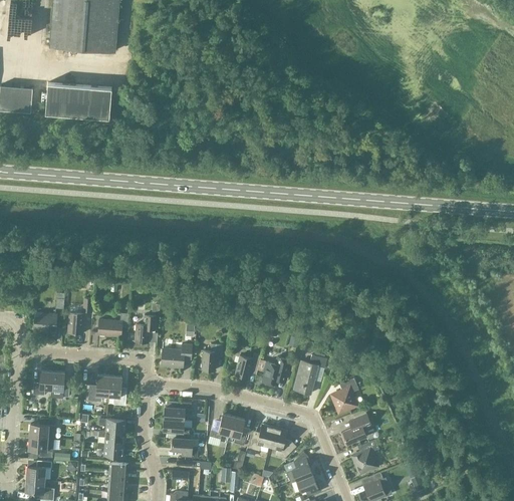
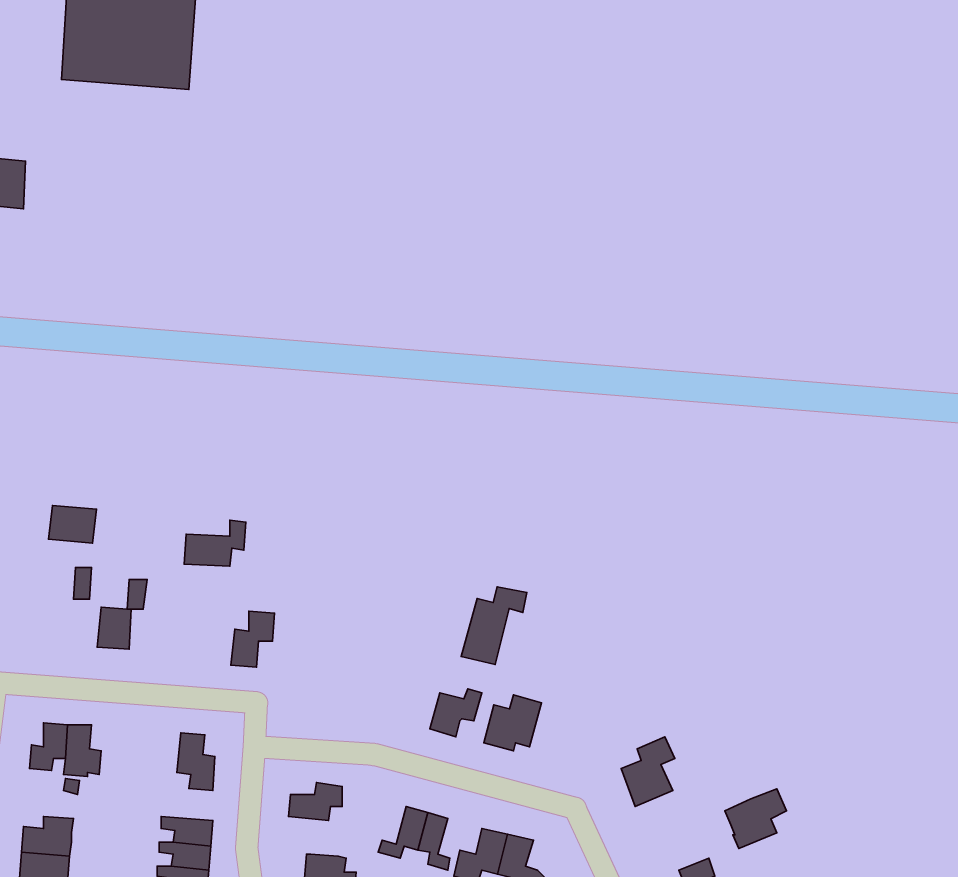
building: [40,83,110,118] -> none
building: [33,313,57,332] -> [49,505,96,543]
building: [97,313,128,336] -> [184,520,246,566]
building: [161,344,192,368] -> none
building: [202,344,223,371] -> none
building: [293,355,326,395] -> [461,587,527,664]
building: [88,375,109,402] -> none
building: [340,415,371,445] -> [725,789,787,849]
building: [163,419,190,439] -> none

